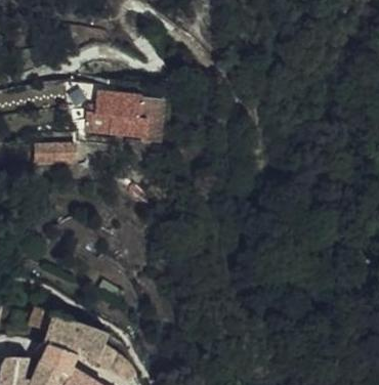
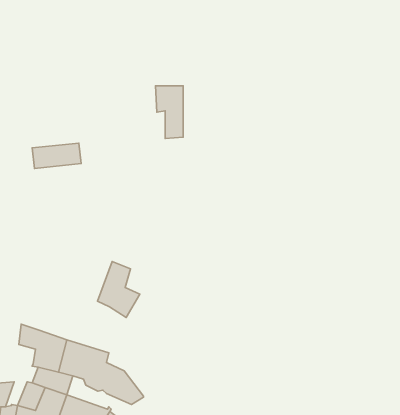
building: [90,96,151,139] -> none
building: none -> [98,262,140,318]

